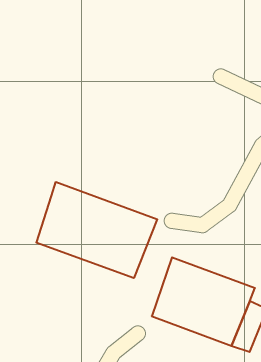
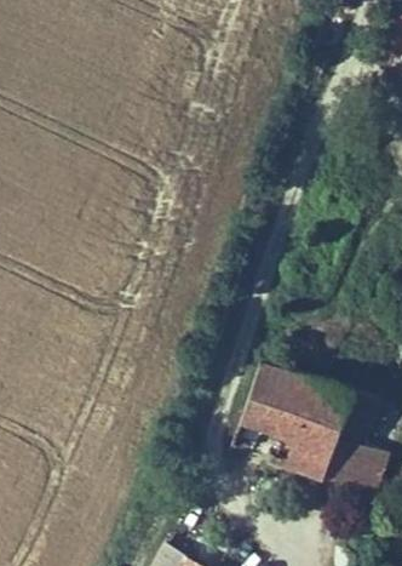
building: [36,182,157,278] -> none

